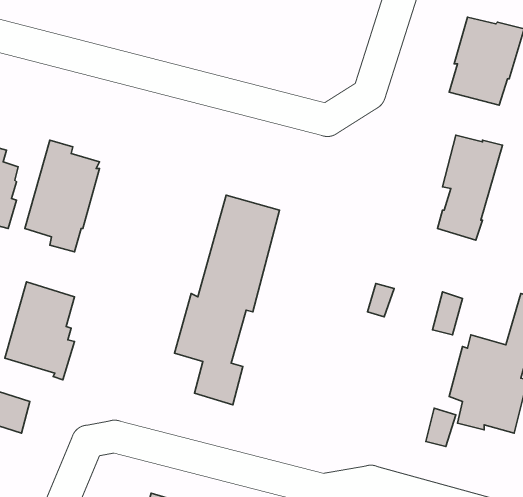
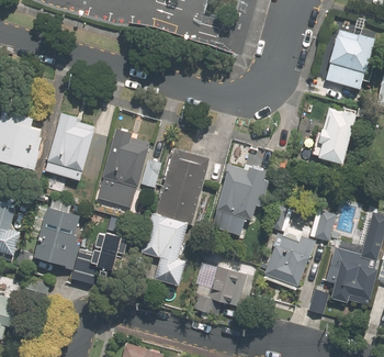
building: none -> [97,129,158,208]
building: none -> [214,165,270,236]
building: none -> [68,232,126,283]
building: none -> [260,233,315,292]
building: none -> [193,259,249,314]

